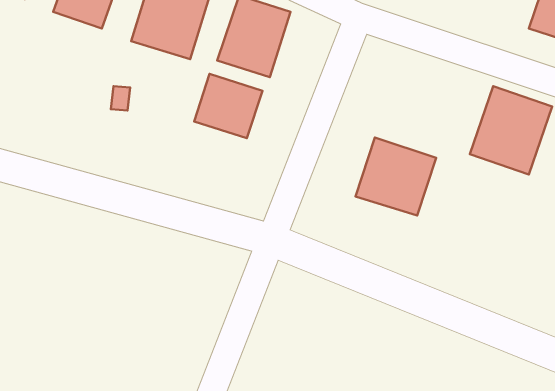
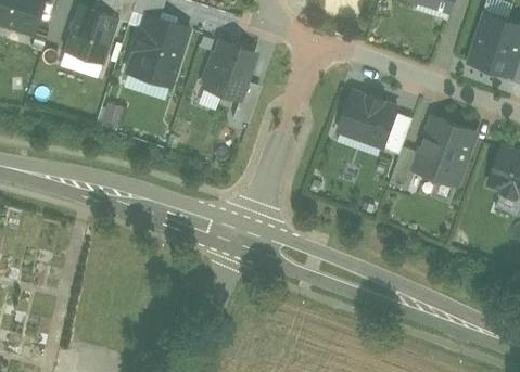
building: [194,74,262,138] -> none
building: [355,137,436,216] -> [337,87,405,153]

